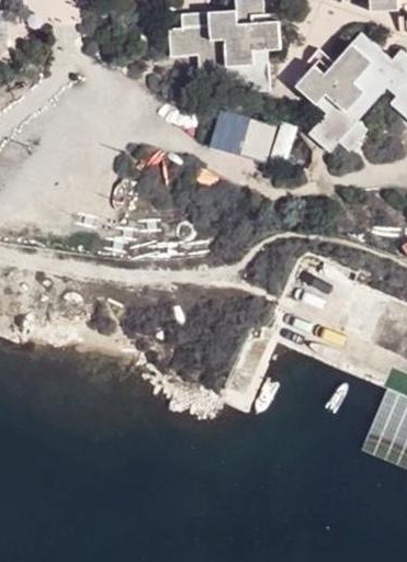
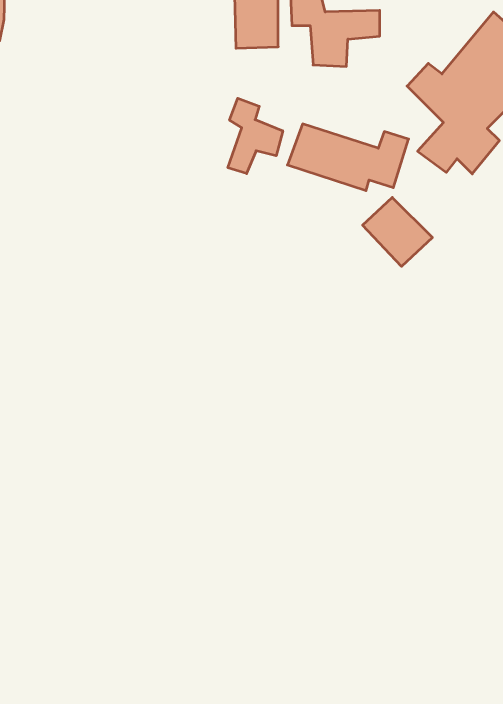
building: none -> [228,98,283,174]
building: none -> [363,197,432,266]

